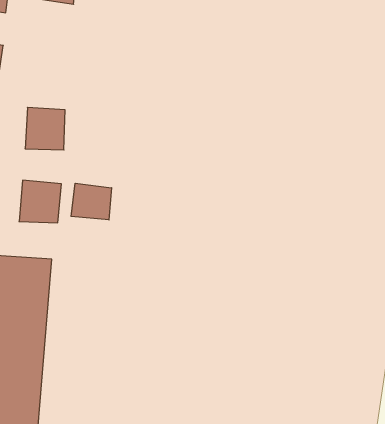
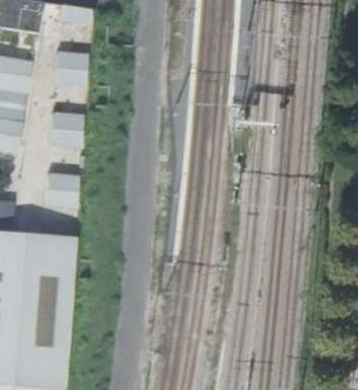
building: none -> [53,52,87,87]
building: [71,183,112,220] -> none

